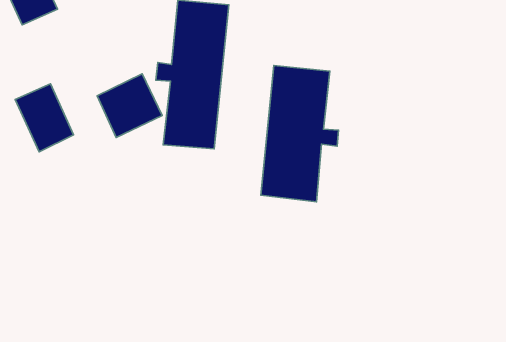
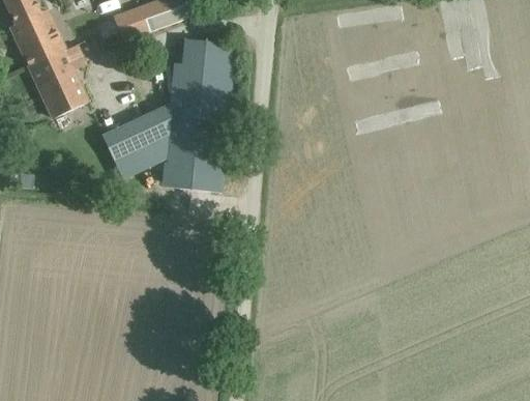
building: [261,65,339,202] -> none
building: [15,84,74,152] -> [27,50,85,117]

